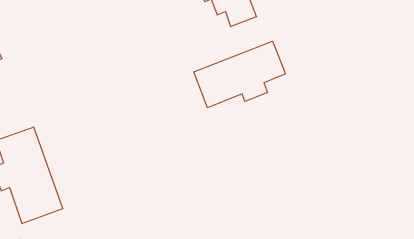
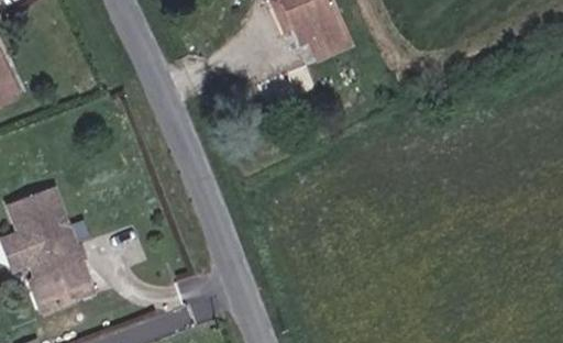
building: [194,41,285,108] -> none

